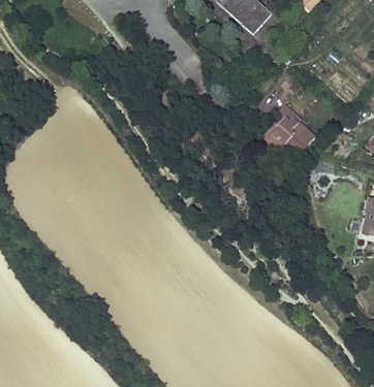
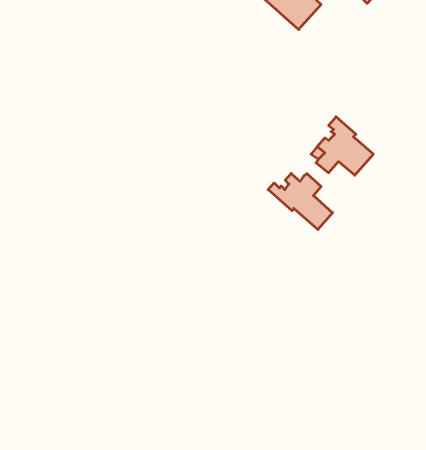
building: none -> [268,173,333,230]

